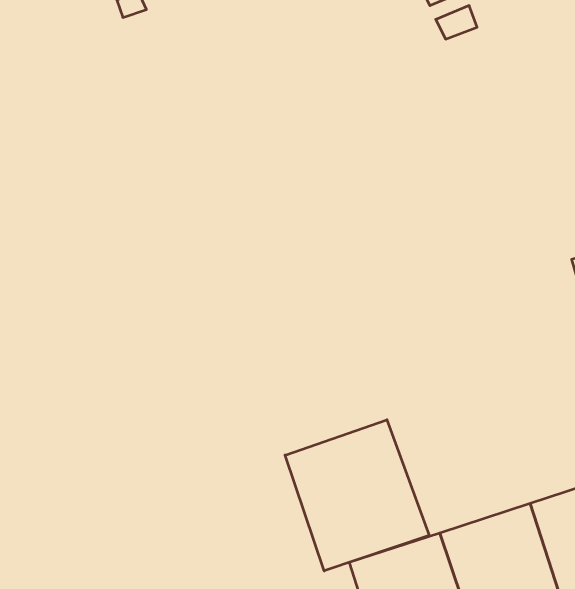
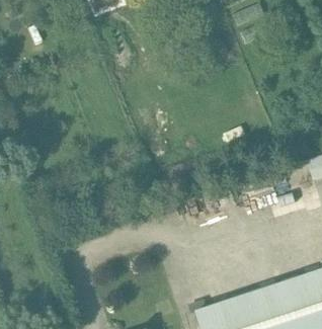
building: [285,420,429,571] -> none

